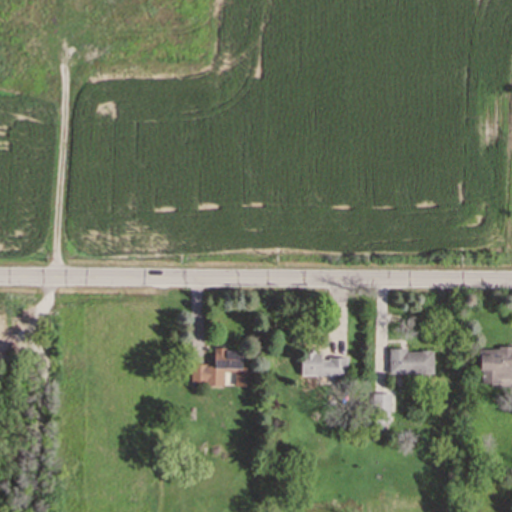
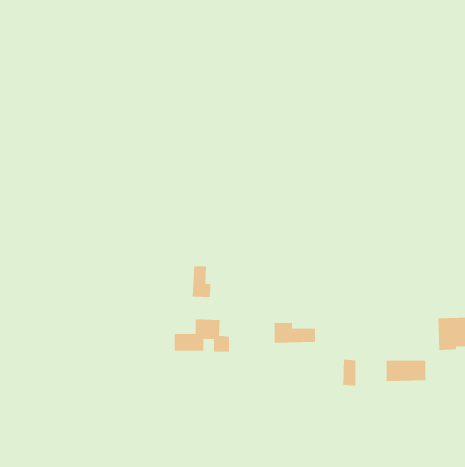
building: none -> [192,266,211,298]
building: [391,350,435,374] -> [386,360,426,382]

